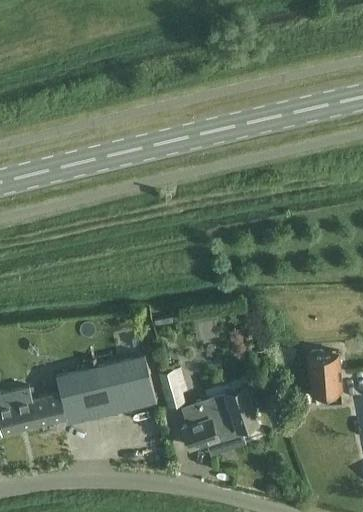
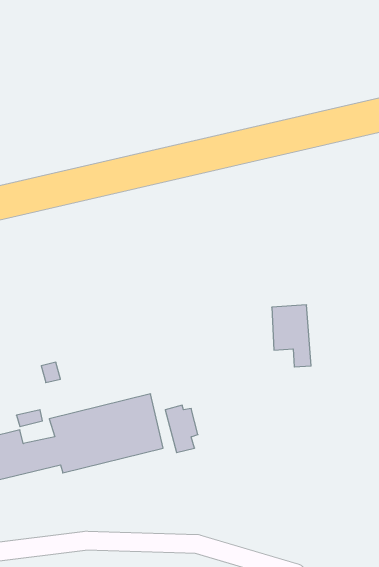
building: [307,354,342,409] -> [272,305,311,367]
building: [181,390,256,448] -> none

